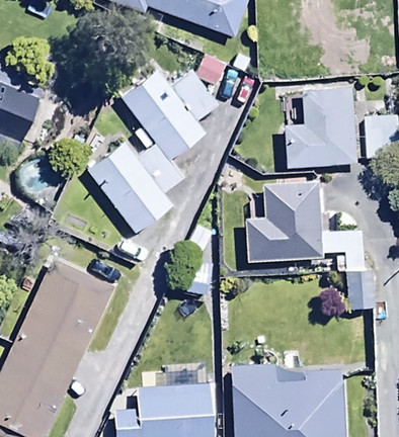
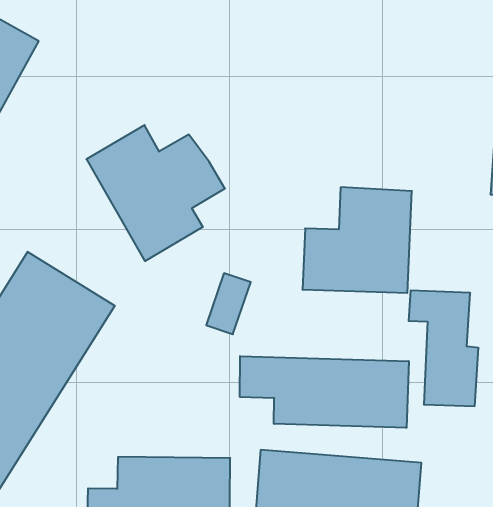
building: [282,78,360,166] -> none
building: [121,82,220,175] -> none
building: none -> [240,356,409,428]

